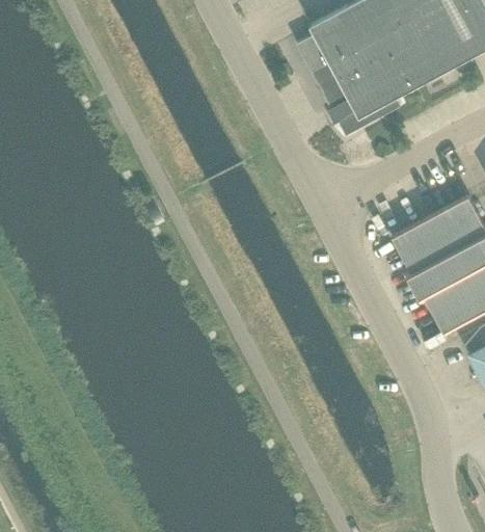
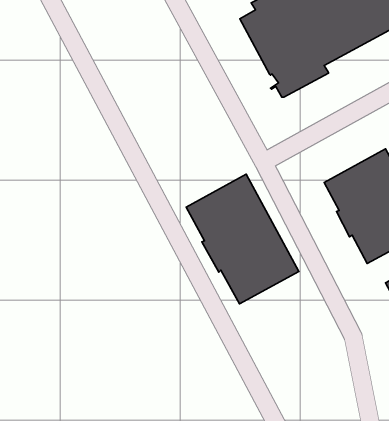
building: none -> [186,174,299,304]

